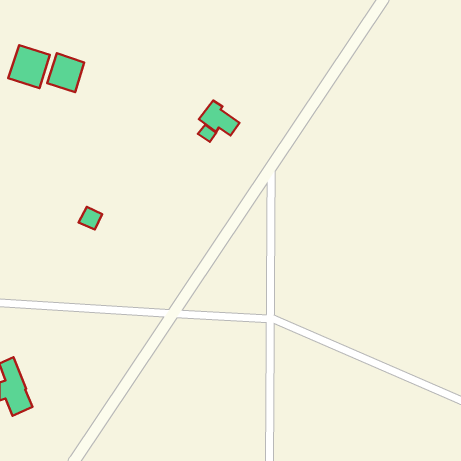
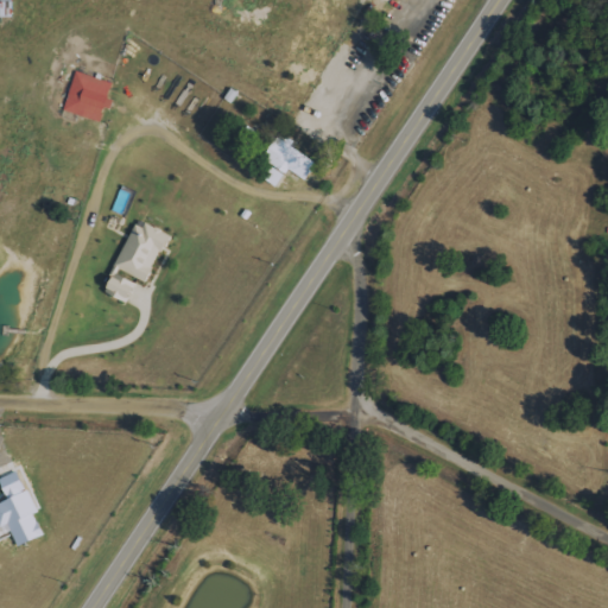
building: [8,45,50,88] -> none
building: none -> [113,221,169,281]

